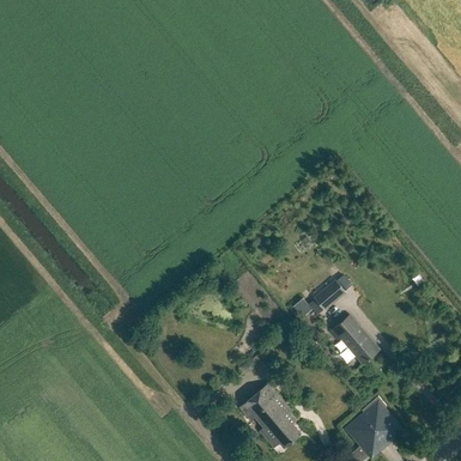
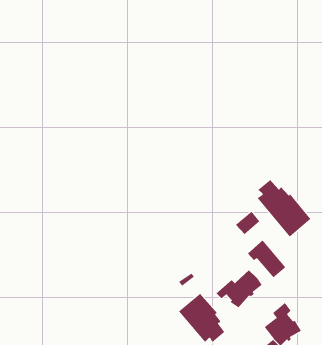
building: none -> [257,179,311,237]
building: none -> [215,270,262,308]

